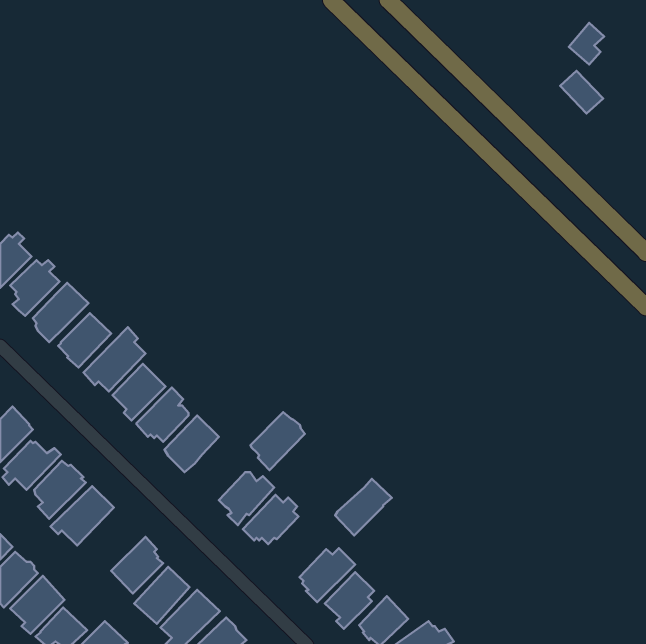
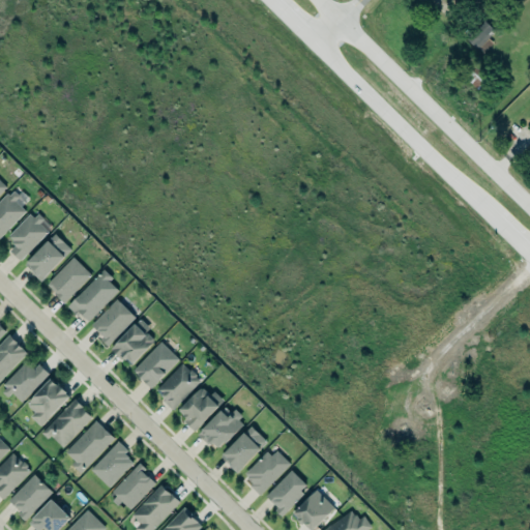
building: [250,412,305,470] -> [156,363,201,411]
building: [335,479,392,536] -> [222,426,268,473]
building: none -> [66,421,114,473]

